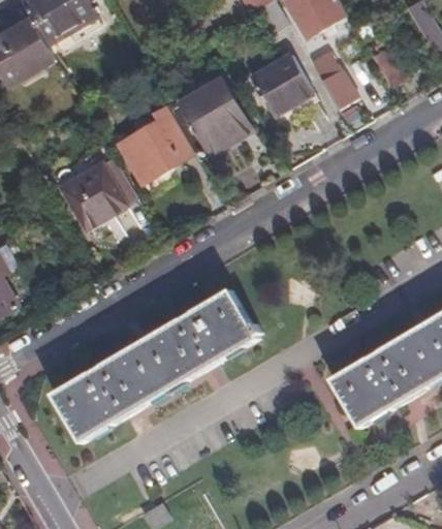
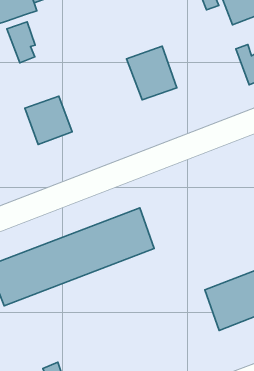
building: [251,55,314,117] -> none
building: none -> [7,22,35,63]
building: [123,123,185,183] -> none

